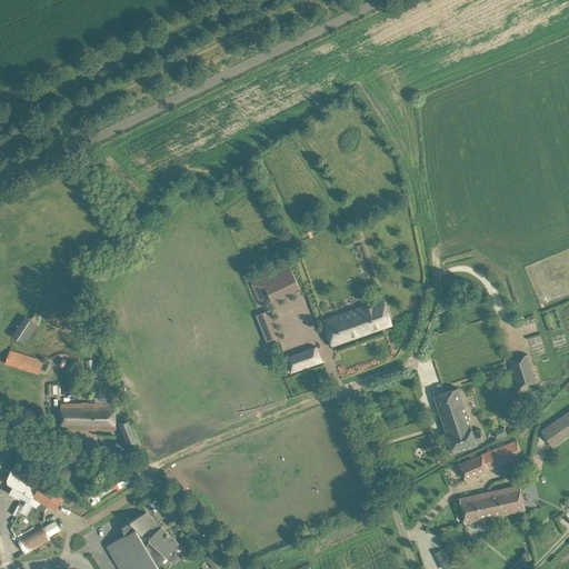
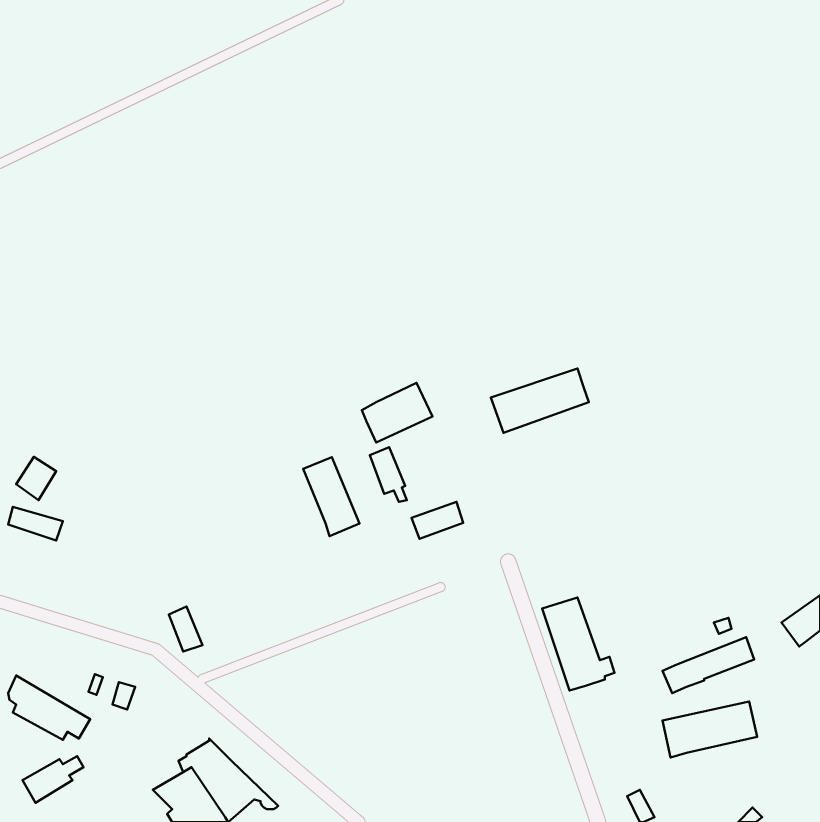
building: [322,300,390,345] -> [491,368,589,433]
building: none -> [303,457,360,536]
building: [509,355,535,389] -> none
building: [432,388,482,452] -> [542,597,614,691]
building: [60,402,114,429] -> none

